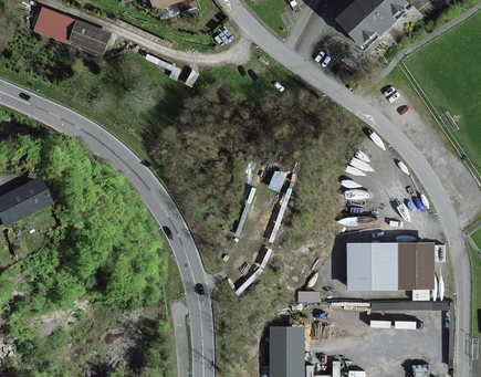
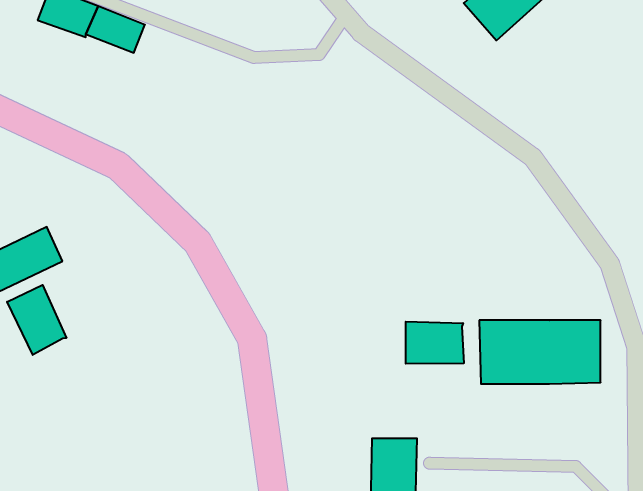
building: none -> [7,285,66,355]
building: none -> [406,322,464,364]

